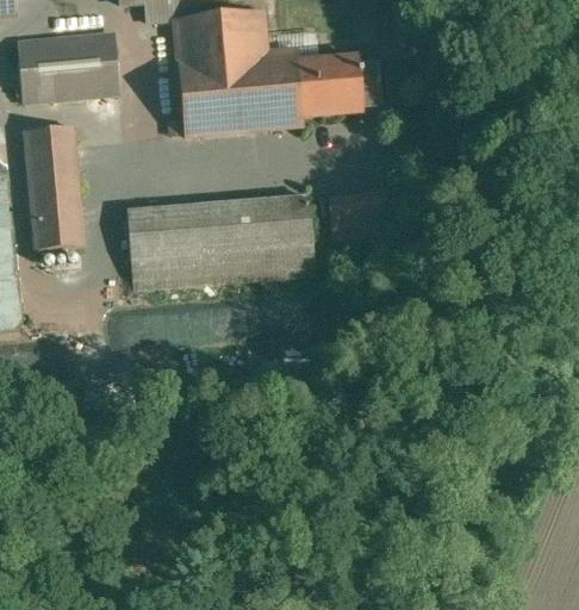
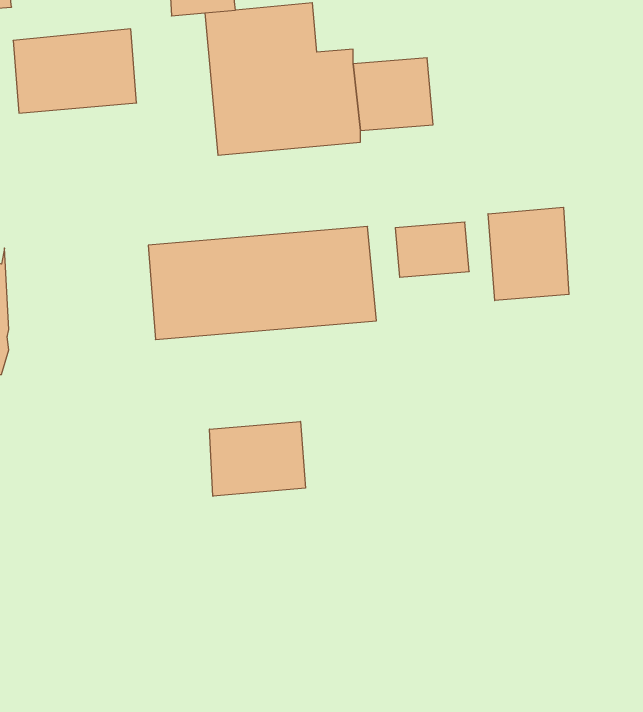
building: [25,125,83,249] -> none
building: none -> [488,207,569,301]
building: none -> [210,421,305,496]

